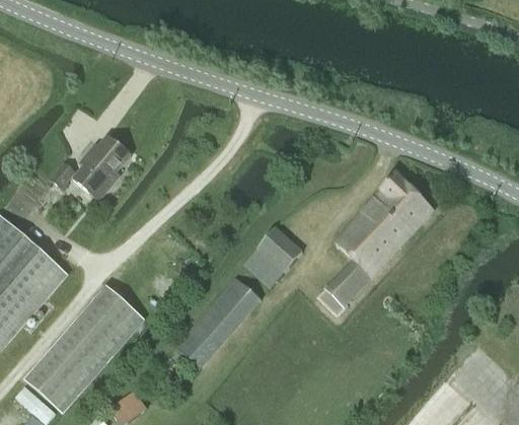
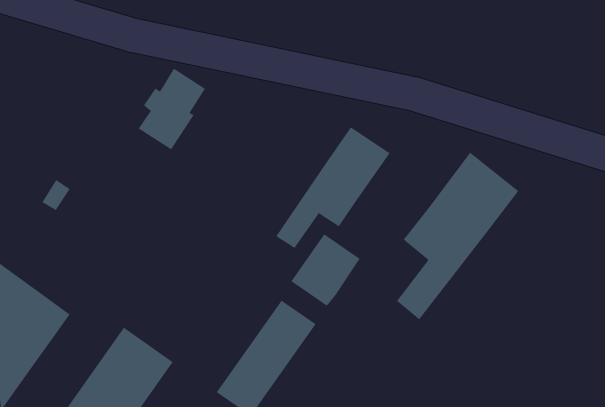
building: [73,134,131,200] -> [138,68,206,150]
building: none -> [275,126,390,249]

